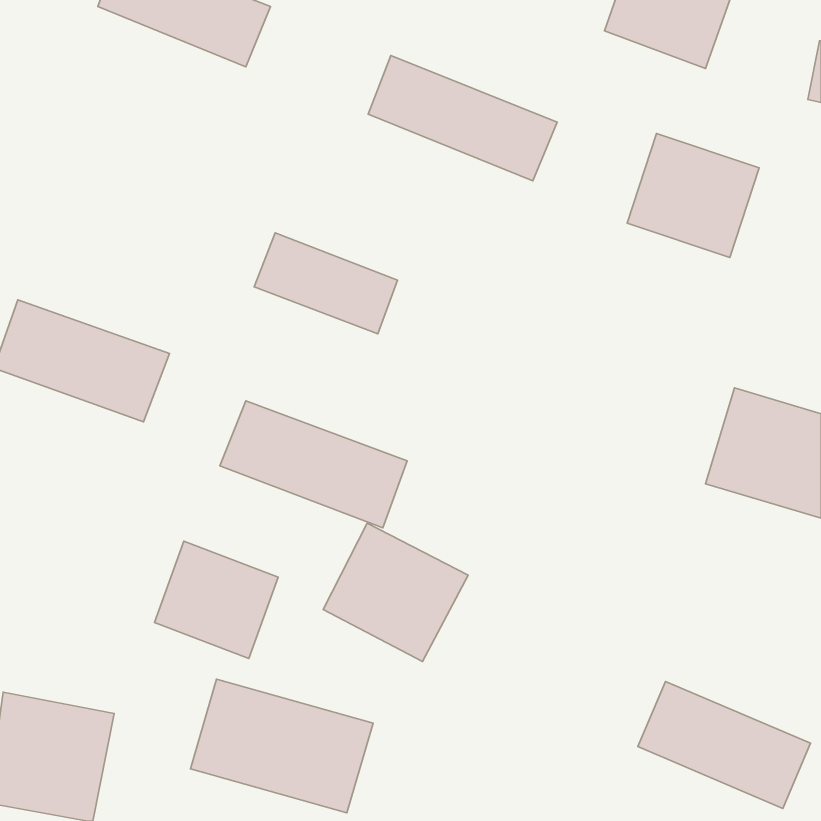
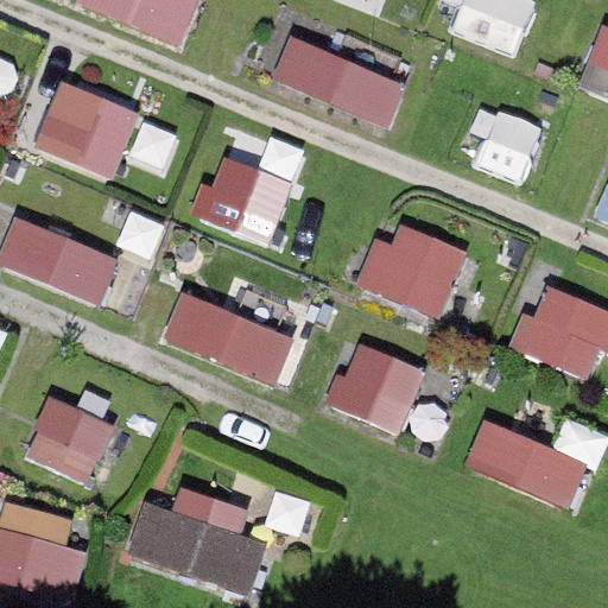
building: none -> [31,81,139,178]
building: none -> [355,223,464,315]
building: [323,523,468,661] -> [323,335,429,436]
building: [154,541,278,658] -> [24,395,114,481]
building: [638,681,811,808] -> [462,418,588,511]

